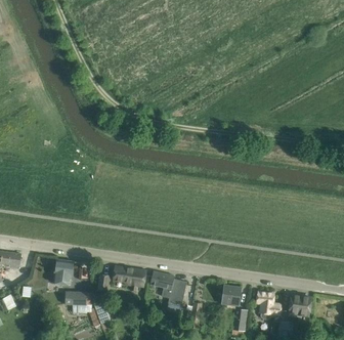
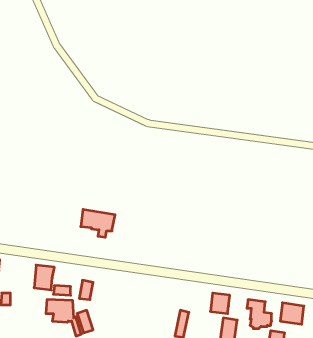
building: [114,265,146,292] -> [81,209,115,237]
building: [150,271,186,306] -> none

